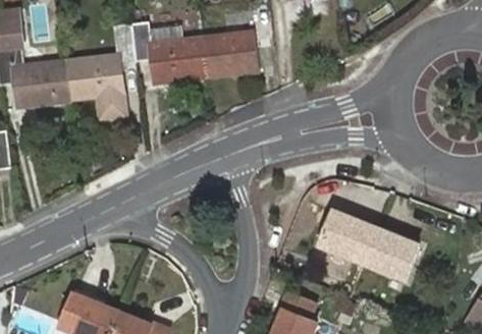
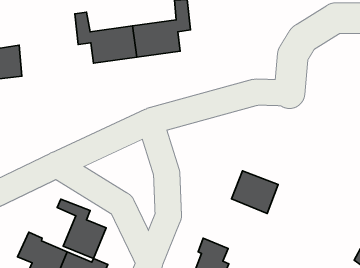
building: [64,25,135,117] -> none
building: [361,229,417,281] -> none
building: none -> [57,199,106,259]

